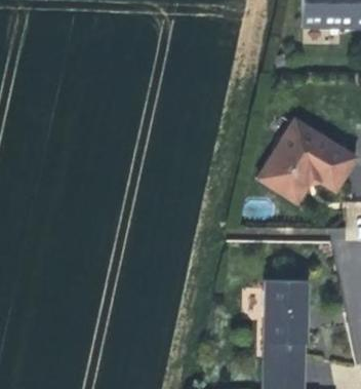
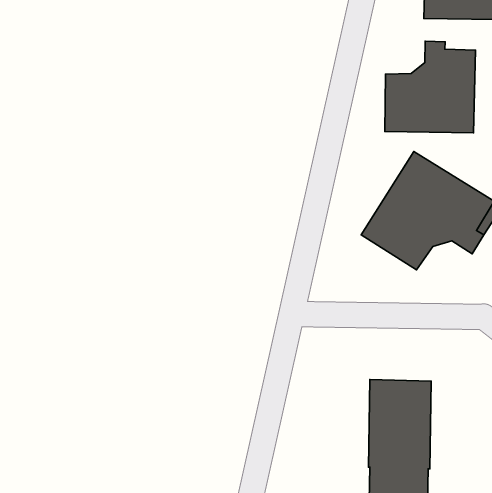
building: none -> [385,41,475,133]

